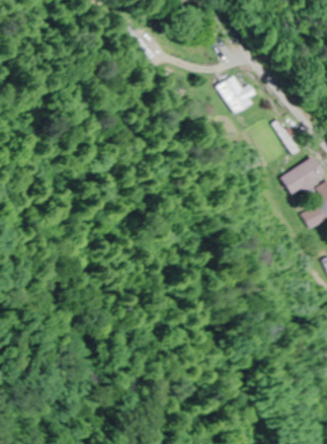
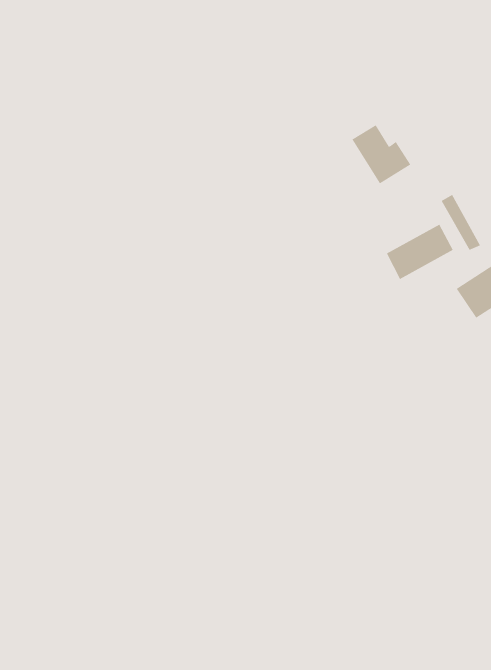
building: none -> [386,224,454,280]

